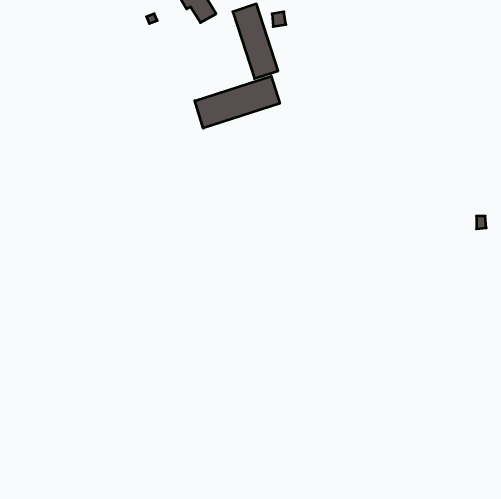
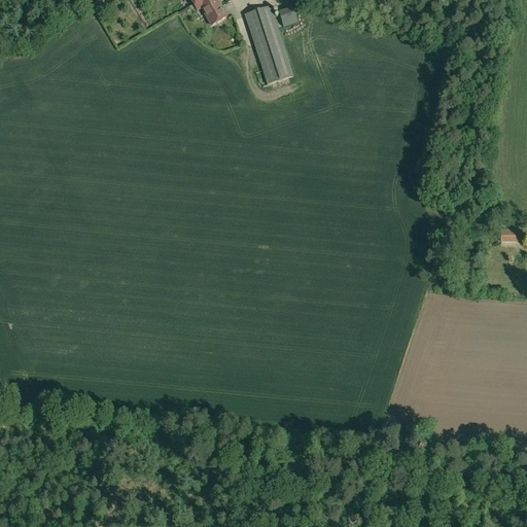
building: [195,76,280,128] -> none

